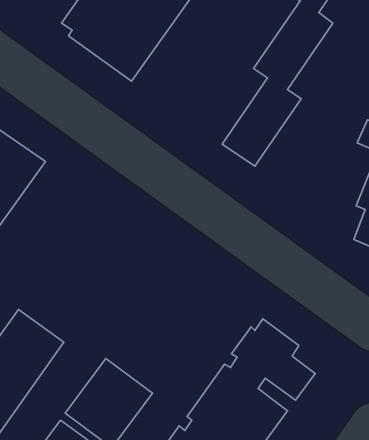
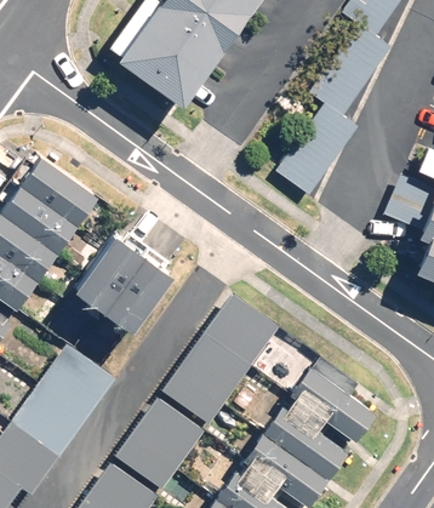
building: none -> [70,233,169,330]
building: none -> [160,295,280,426]

